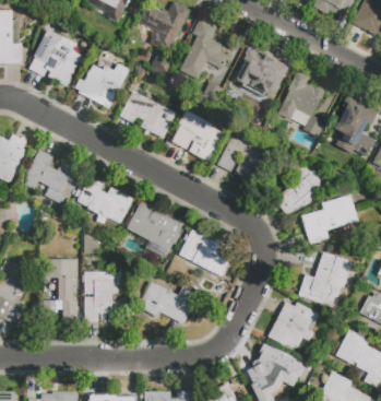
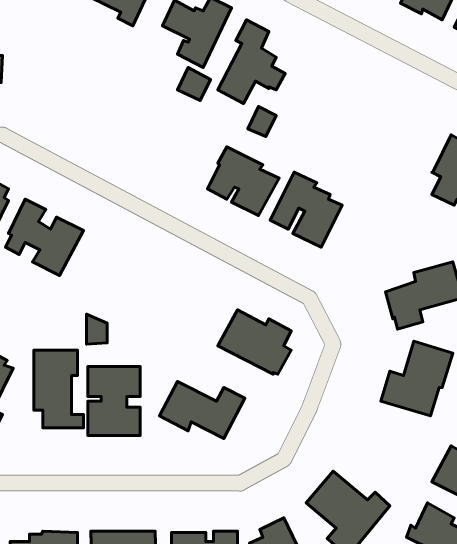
building: [28,28,82,86] -> none
building: [229,55,285,99] -> none
building: [75,63,129,107] -> none
building: [277,70,325,137] -> none
building: [119,91,177,138] -> none
building: [274,158,322,215] -> none
building: [76,177,133,224] -> none
building: [127,201,182,259] -> none
building: [269,302,318,346] -> none

